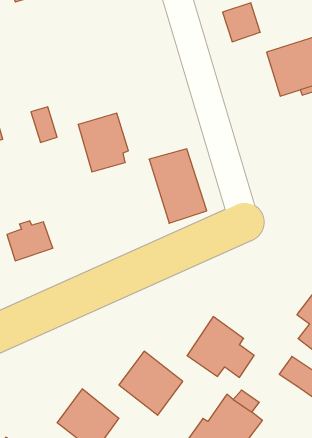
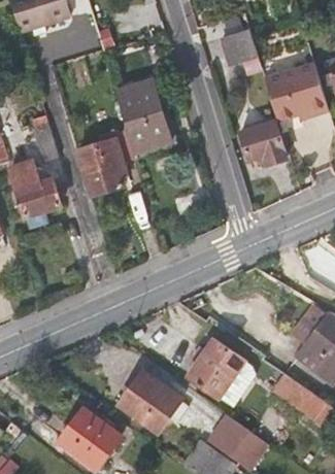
building: none -> [240,123,284,165]
building: [149,149,207,223] -> [114,80,171,154]
building: [7,221,53,261] -> [13,177,59,216]

